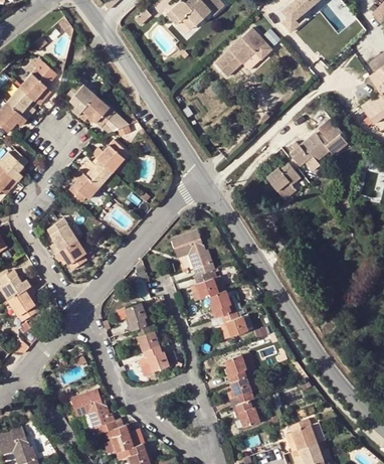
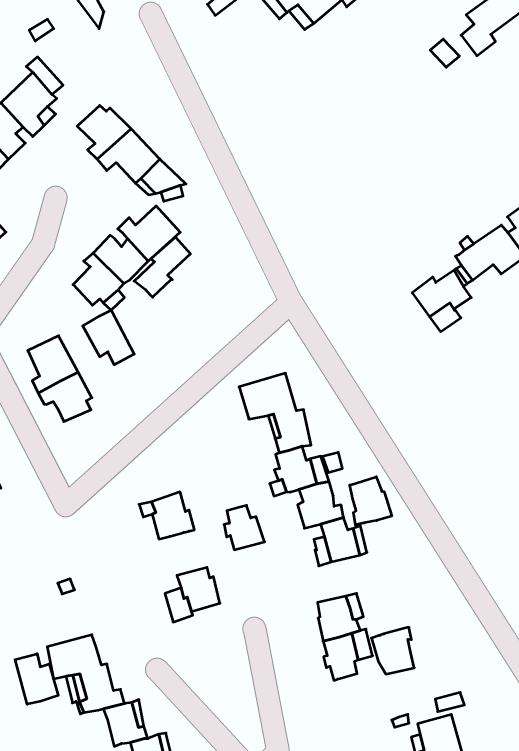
building: [214,27,271,78] -> none
building: none -> [134,237,190,297]
building: none -> [83,310,134,365]
building: none -> [350,477,392,525]
building: [136,325,160,351] -> [224,505,265,550]
building: [233,399,259,427] -> [371,627,414,674]
building: none -> [15,654,58,704]

